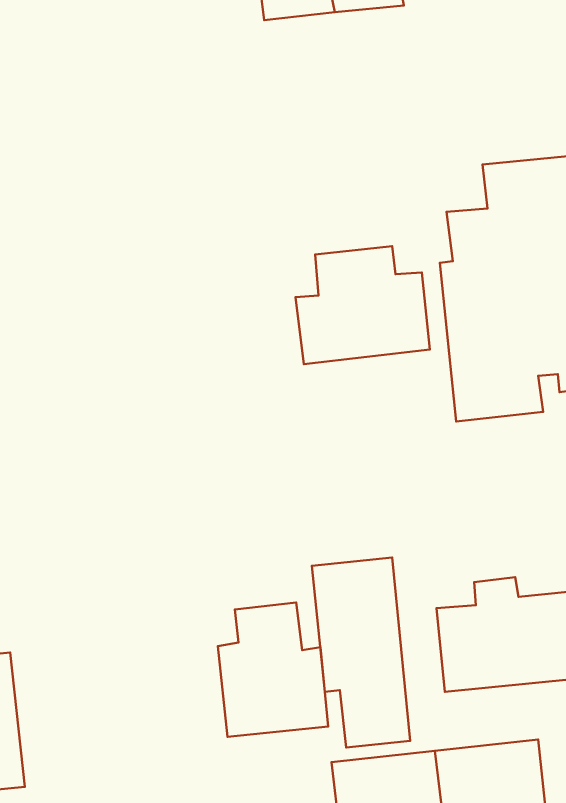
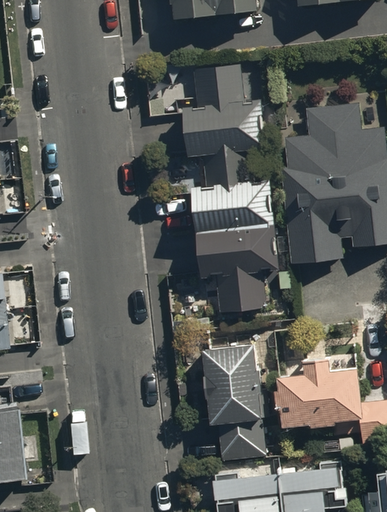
building: none -> [183,73,267,162]
building: none -> [197,219,279,312]
building: [218,602,328,737] -> none

